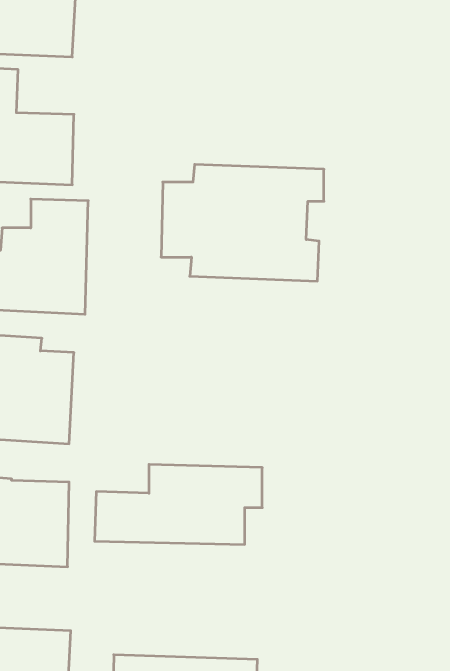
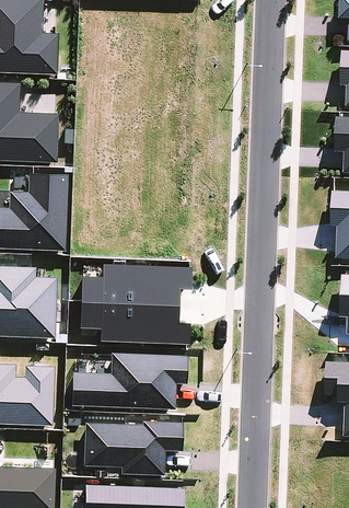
building: [161,164,324,281] -> [79,263,190,343]
building: none -> [83,420,182,473]

